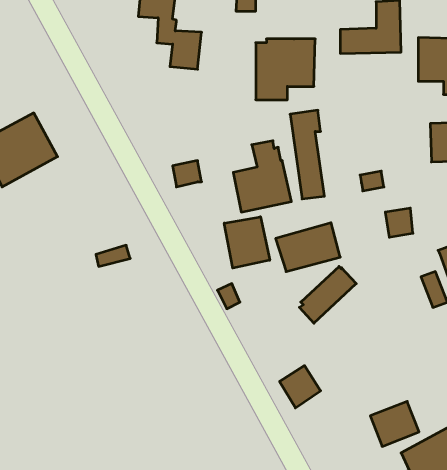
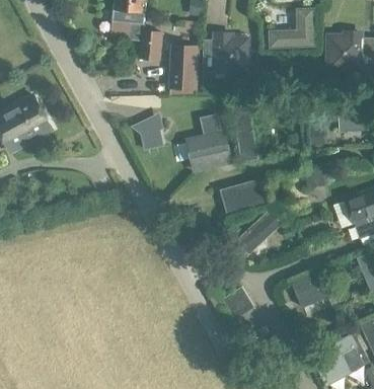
building: none -> [169,44,199,94]
building: [224,217,270,268] -> none
building: [370,401,419,446] -> [291,271,328,306]

